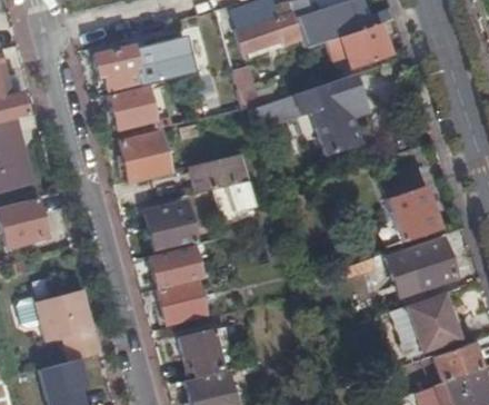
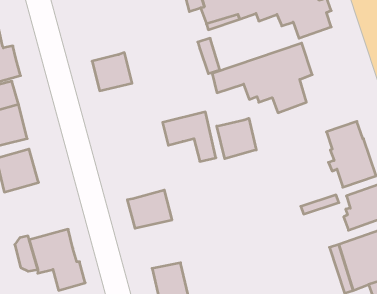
building: [94,41,186,90] -> none
building: [121,131,172,180] -> none
building: none -> [217,118,256,159]
building: [147,200,199,255] -> none
building: [160,278,207,322] -> none

